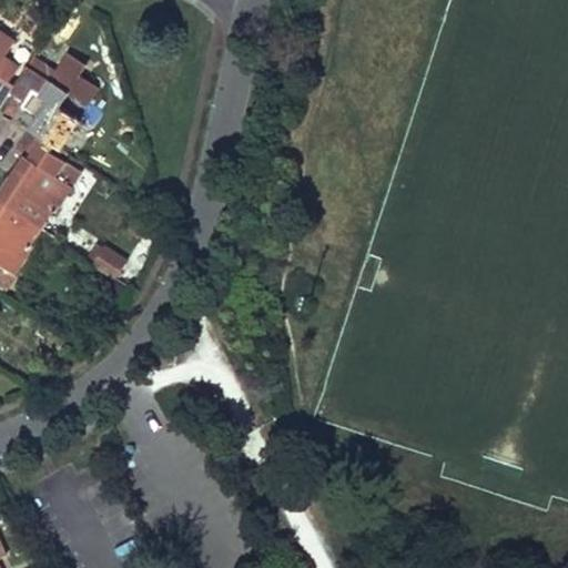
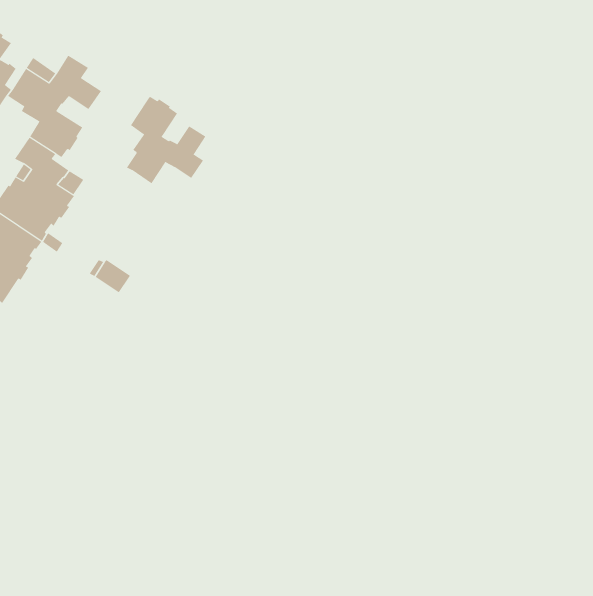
building: none -> [126,96,206,184]

